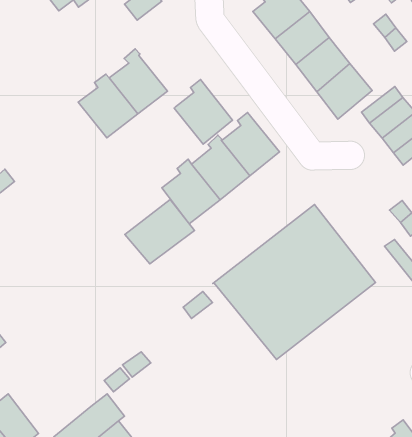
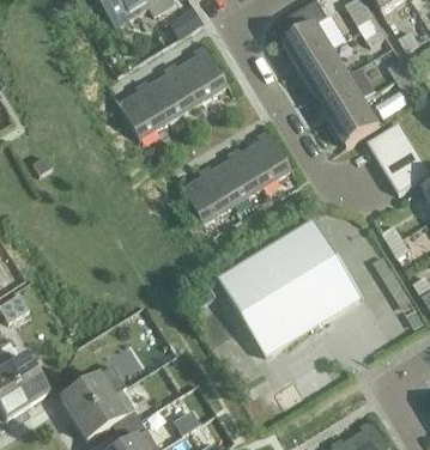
building: [174,79,233,144] -> [176,44,226,102]
building: [125,200,194,264] -> none

